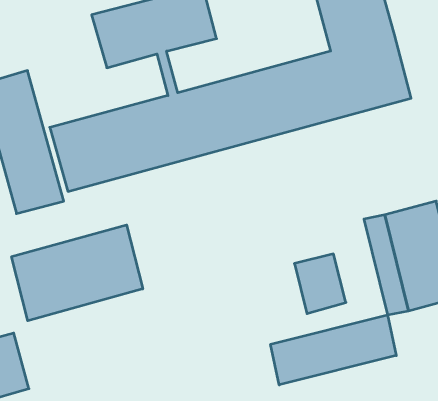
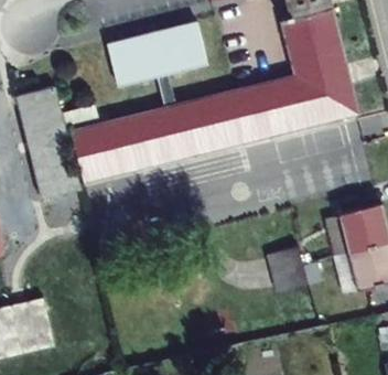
building: [12,225,143,321] -> none
building: [271,315,396,385] -> none

